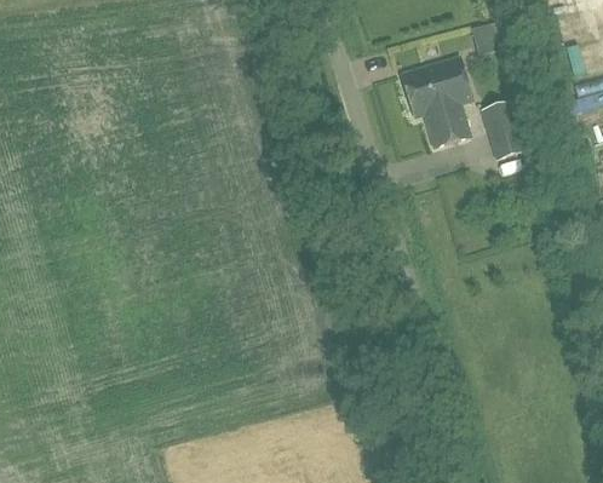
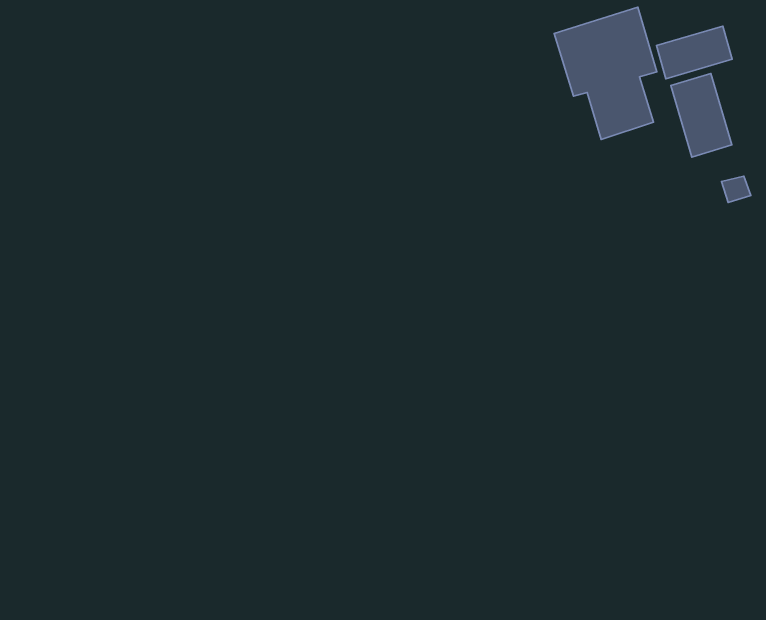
building: none -> [656,26,732,79]

